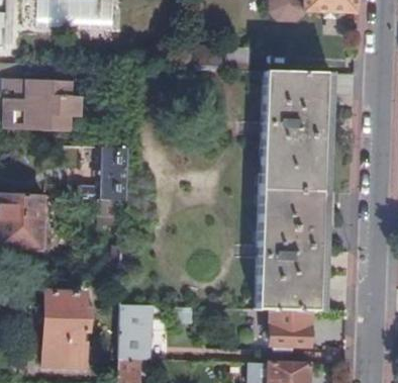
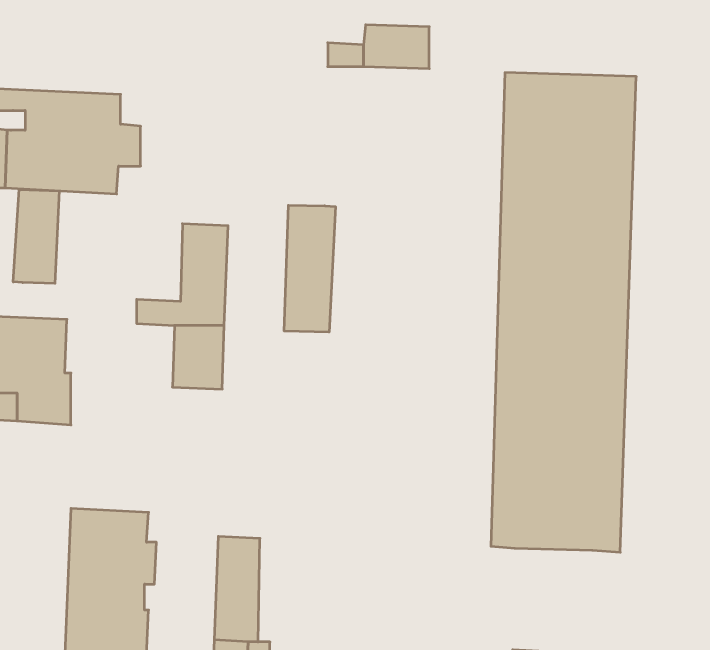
building: none -> [13,189,59,283]
building: none -> [284,205,335,332]
building: [272,311,311,347] -> none

